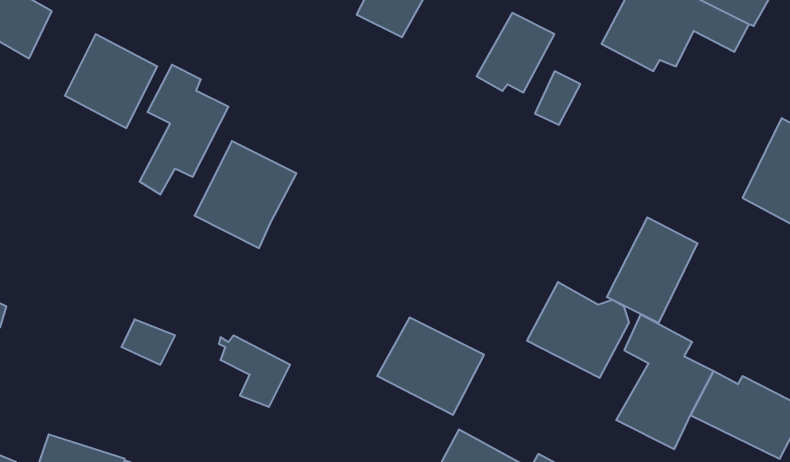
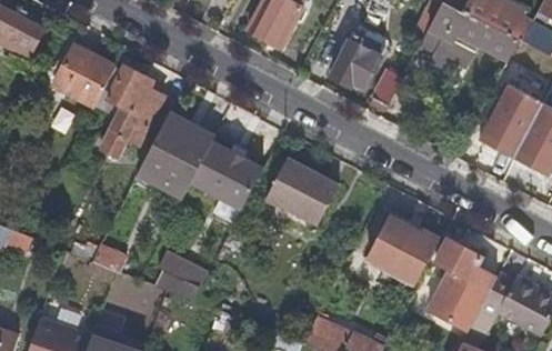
building: none -> [191,140,261,201]
building: [607,217,698,323] -> [479,84,541,157]
building: [377,317,484,415] -> [264,159,338,225]

